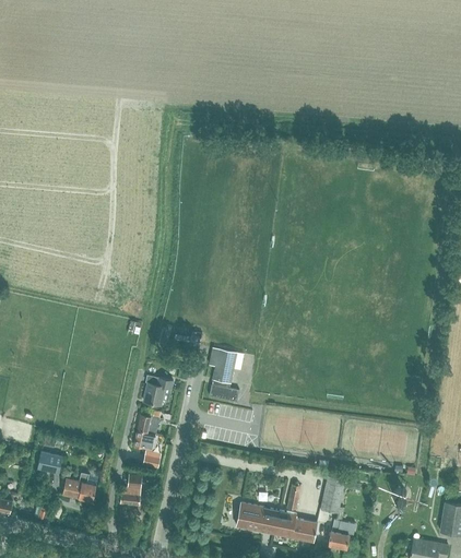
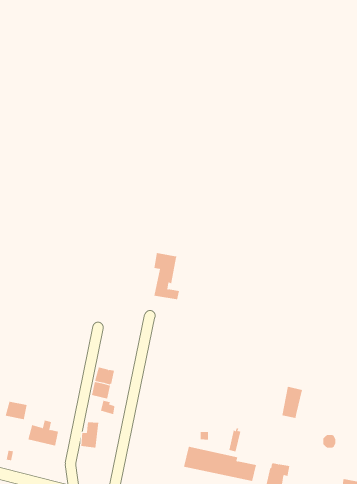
building: [210,347,239,400] -> [153,253,180,300]
building: [144,378,174,405] -> none
building: [321,476,345,512] -> [281,386,303,418]

